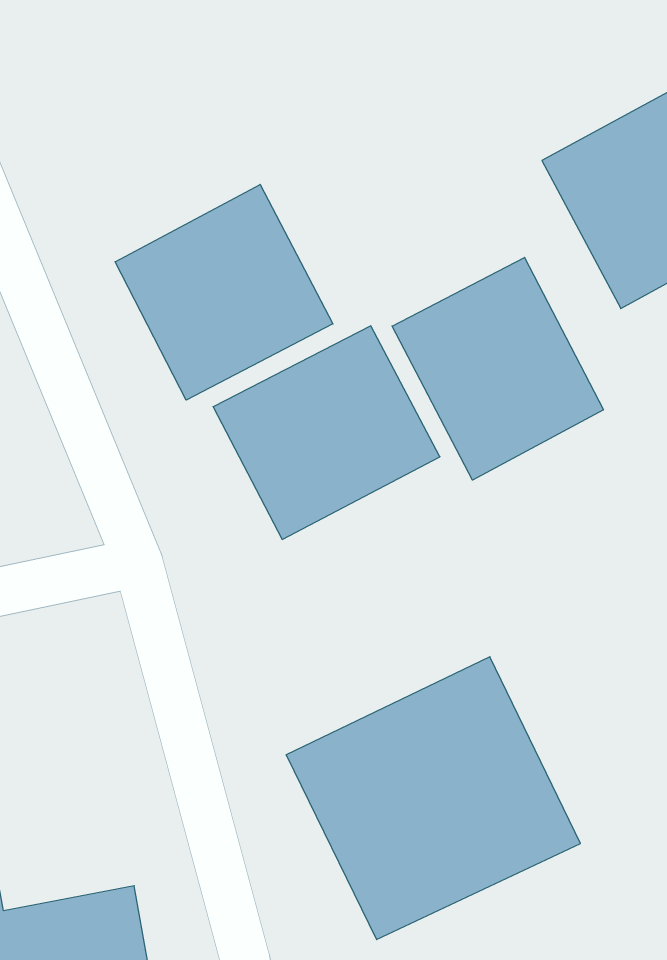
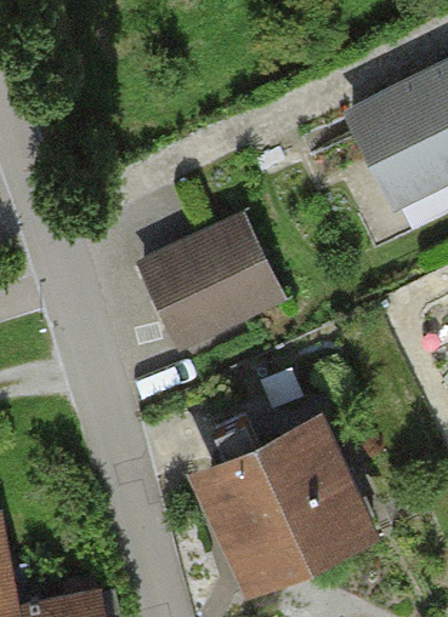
building: [115,184,333,400] -> none
building: [392,257,603,480] -> none

